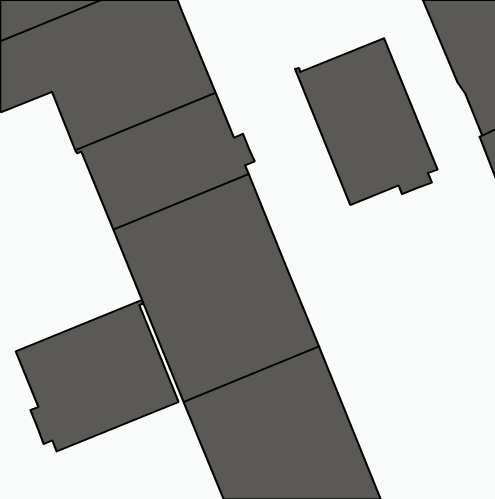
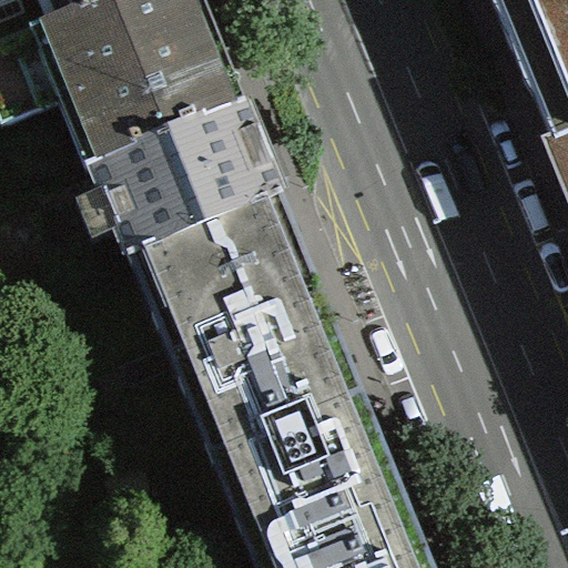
building: [295,38,437,205] -> none
building: [16,300,178,452] -> none

